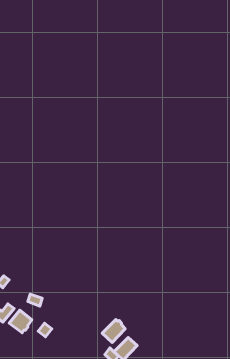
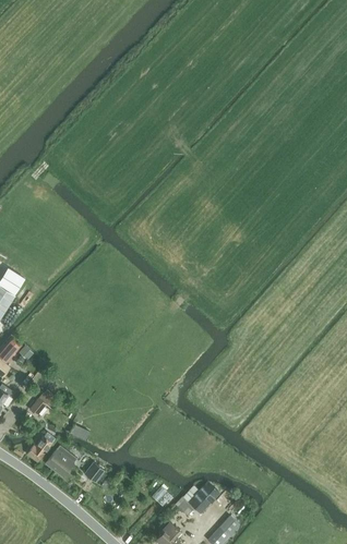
building: [102,319,125,343] -> none

